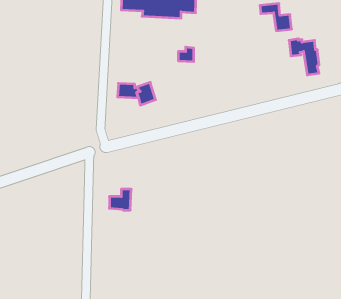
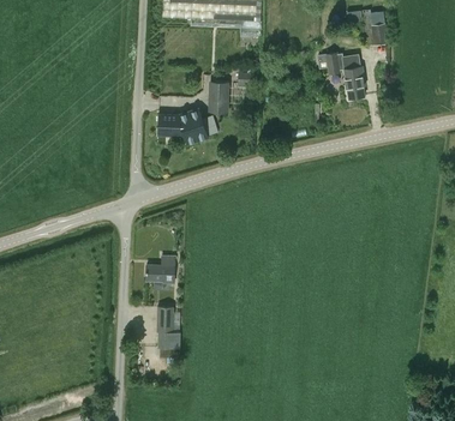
building: [289,39,319,75] -> [325,52,365,100]
building: none -> [209,83,228,113]
building: none -> [156,307,181,349]

